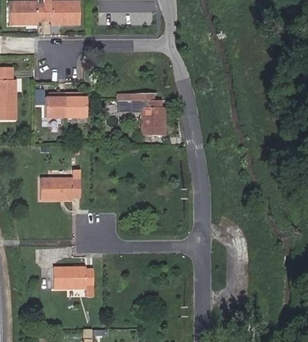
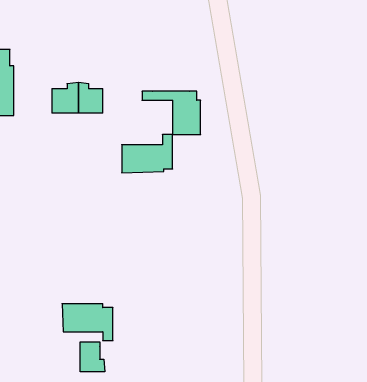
building: [40,170,80,200] -> [122,135,173,173]
building: none -> [80,342,105,372]

